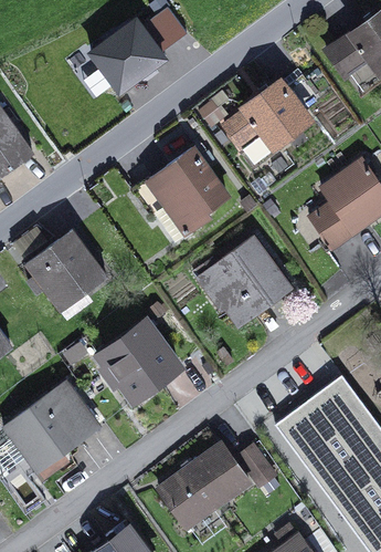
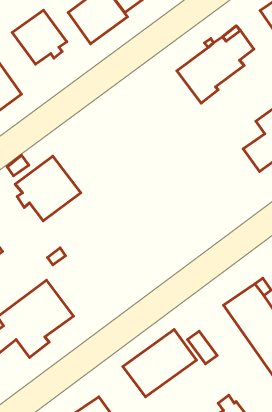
building: none -> [12,10,67,64]
building: [134,147,227,240] -> none
building: [199,236,290,325] -> none
building: [100,321,179,399] -> none

